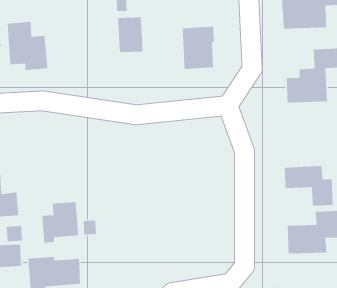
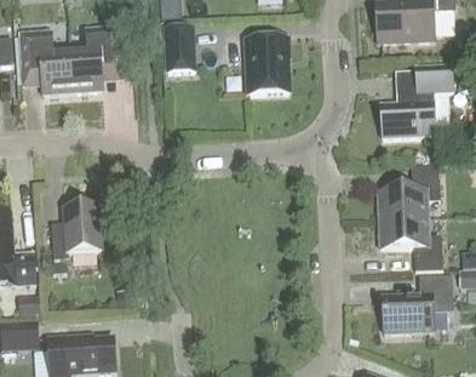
building: none -> [69,27,119,92]
building: none -> [377,165,440,219]
building: [42,201,79,243] -> [51,205,99,259]

